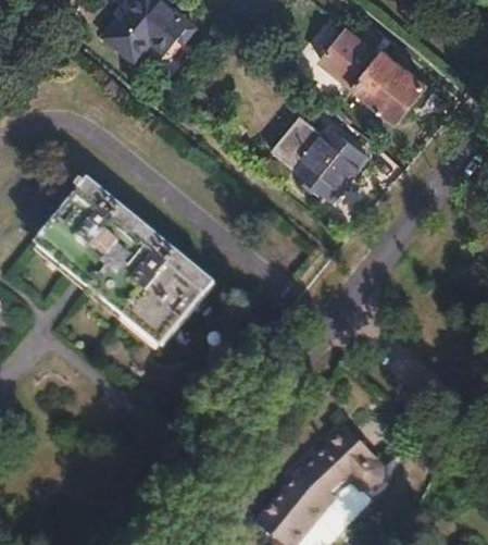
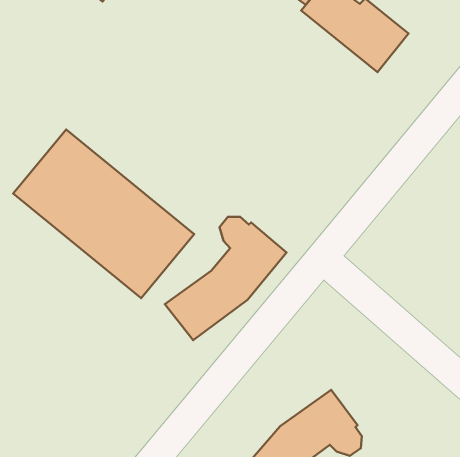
building: [271,115,366,200] -> none
building: none -> [165,217,286,340]

